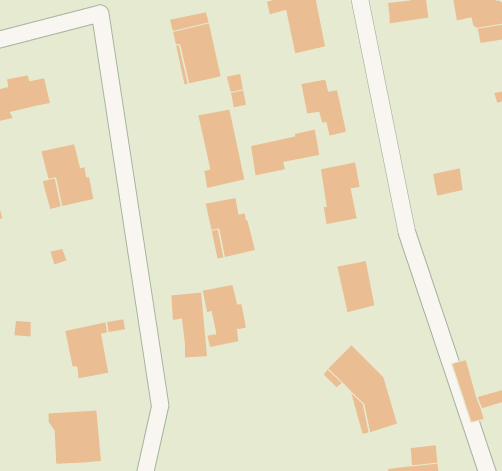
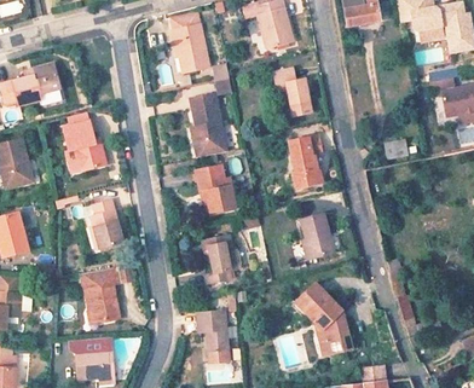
building: [250,129,320,176] -> none
building: none -> [91,198,122,247]
building: [171,292,208,358] -> [200,311,230,364]

